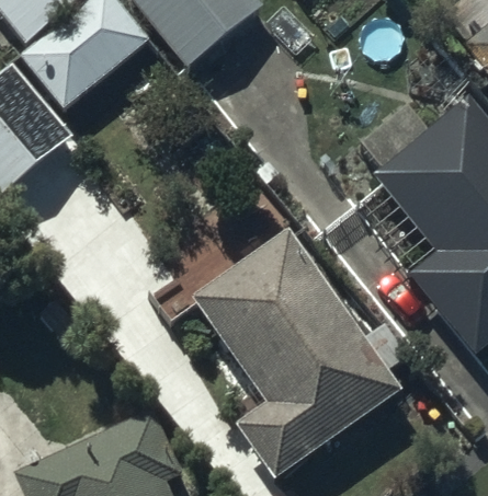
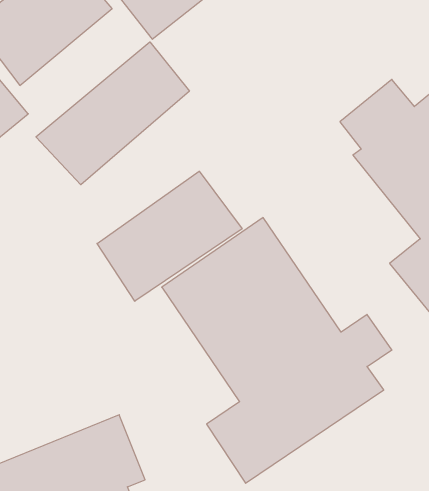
building: none -> [36,42,189,185]
building: none -> [97,171,242,301]

